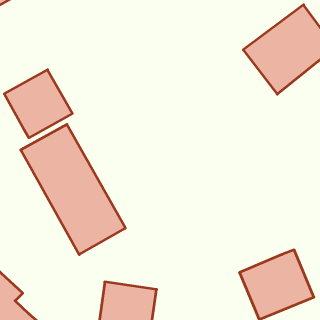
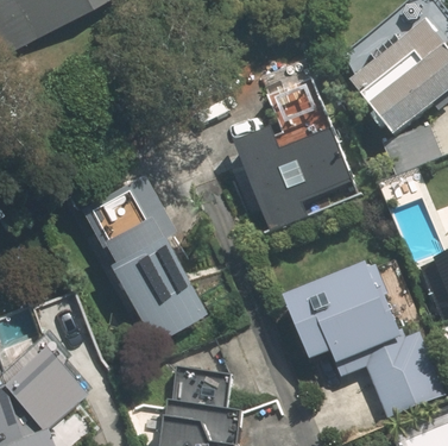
building: none -> [245,75,359,226]
building: [4,70,72,138] -> none
building: none -> [288,260,399,366]

